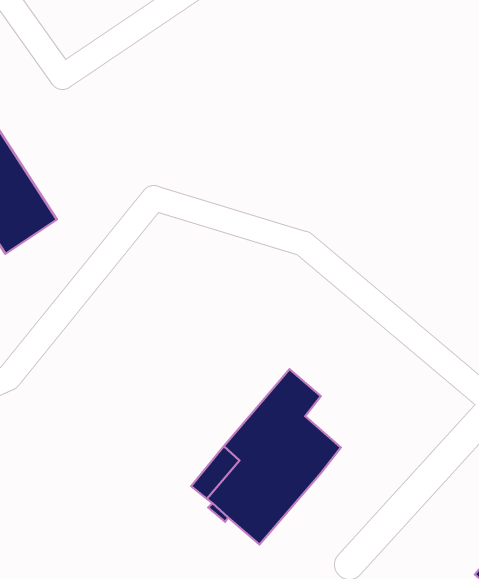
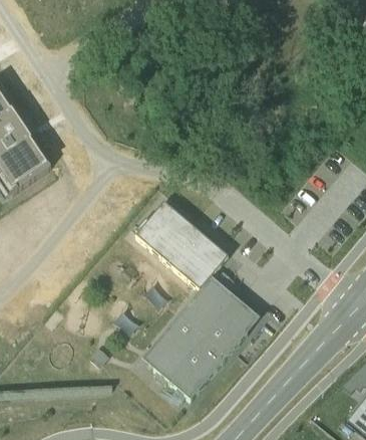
building: none -> [137,198,230,286]
building: none -> [224,291,261,327]

